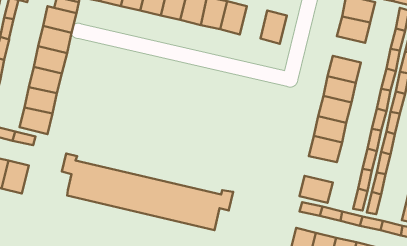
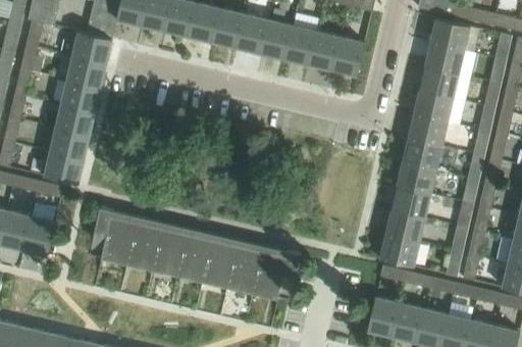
building: none -> [308,32,341,70]
building: none -> [419,67,458,99]
building: none -> [385,211,424,243]

